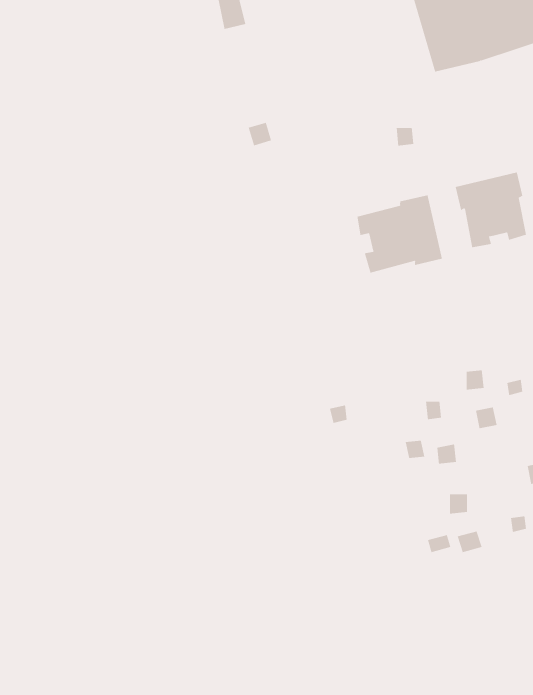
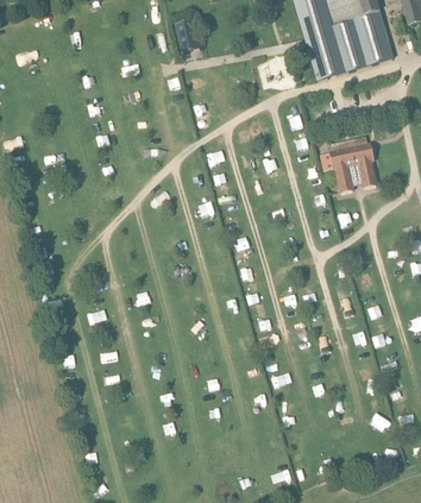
building: [357,194,443,273] -> none

